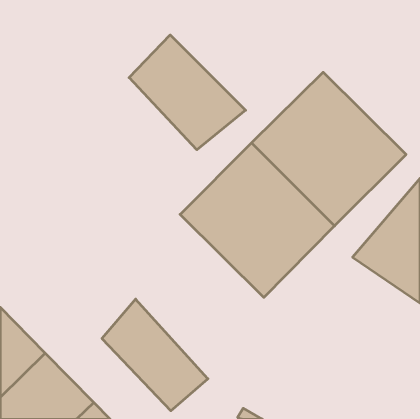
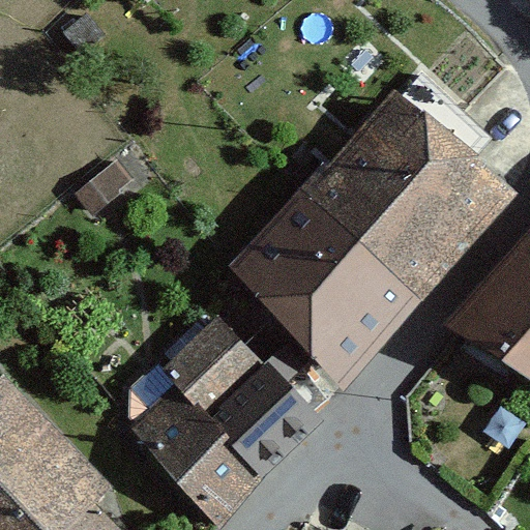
building: [129,35,246,150] -> none
building: none -> [171,320,320,477]

